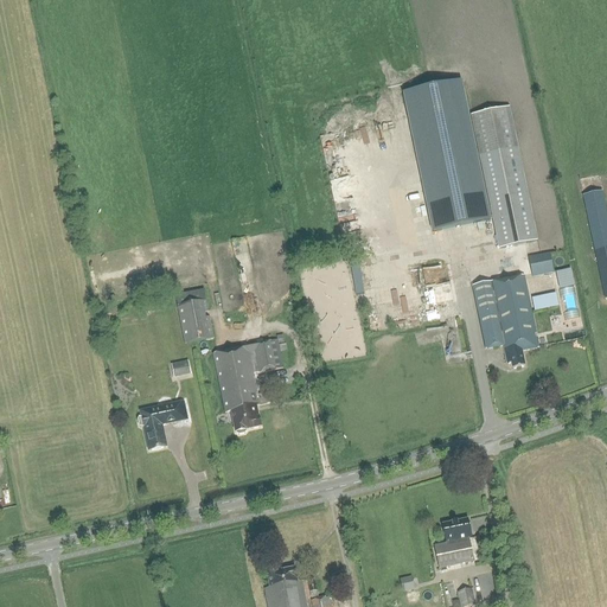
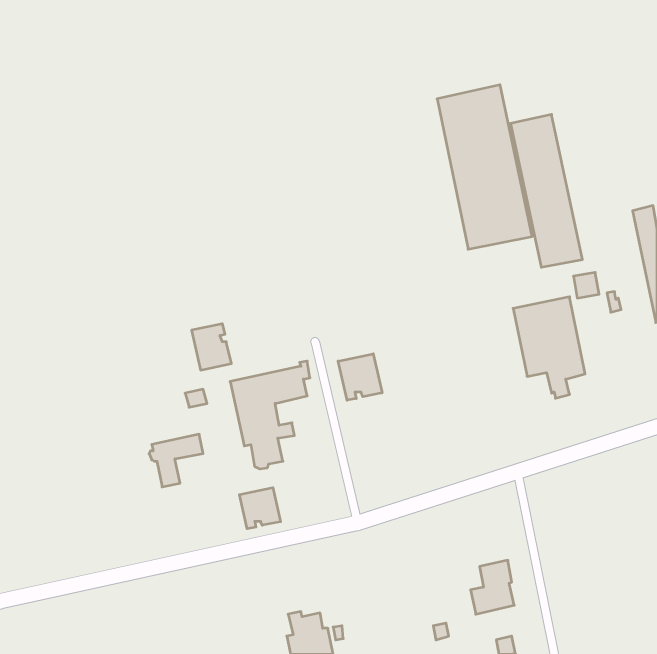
building: none -> [338,354,382,400]
building: none -> [239,488,281,529]

